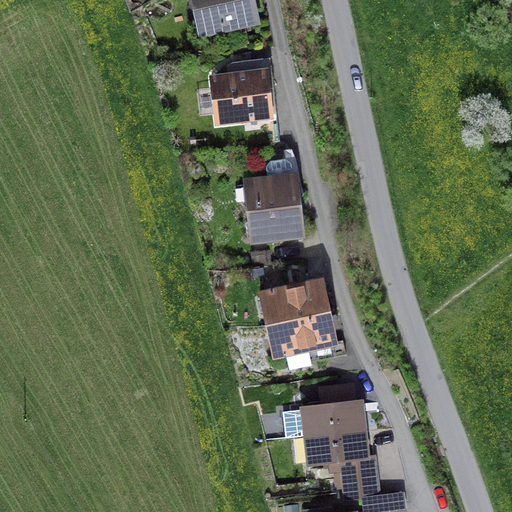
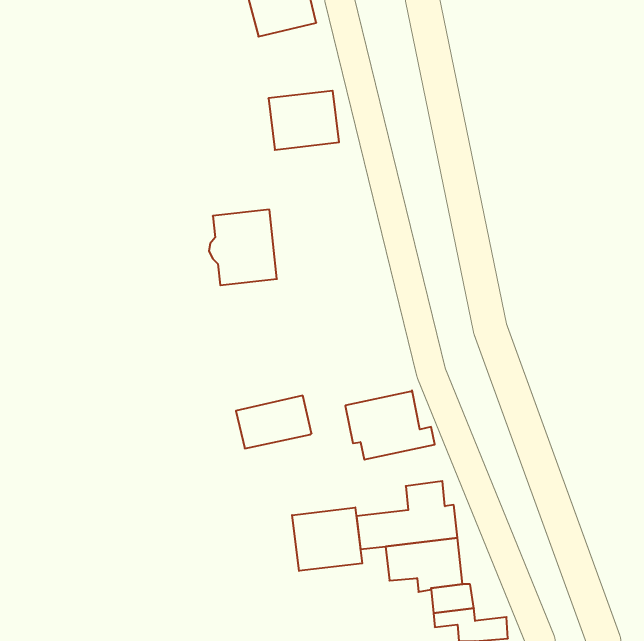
building: [245,177,299,237] -> [209,210,277,285]
building: [267,280,327,322] -> [236,396,312,448]
building: none -> [292,507,362,571]

